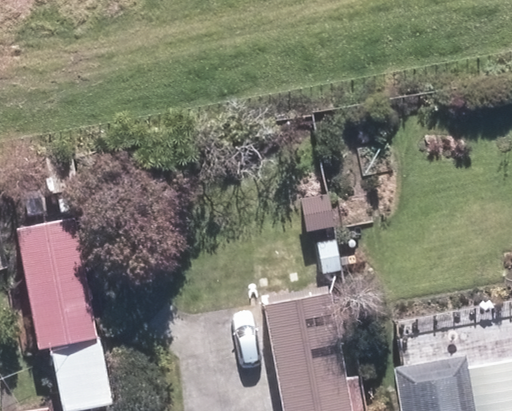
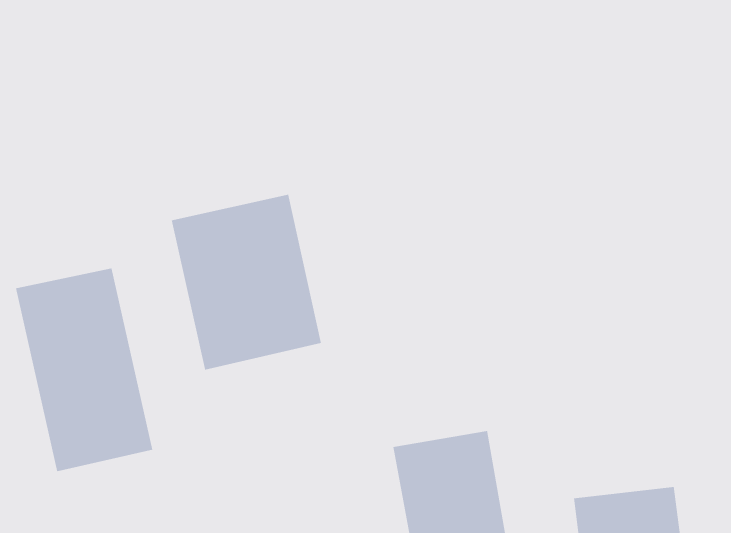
building: none -> [171,194,322,371]

